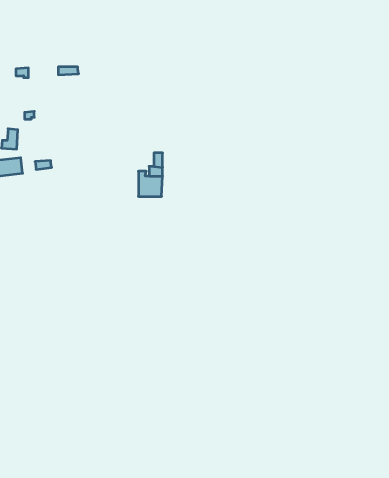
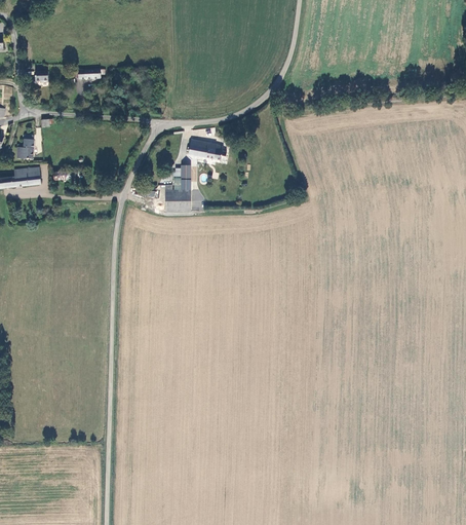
building: none -> [188,139,225,160]

